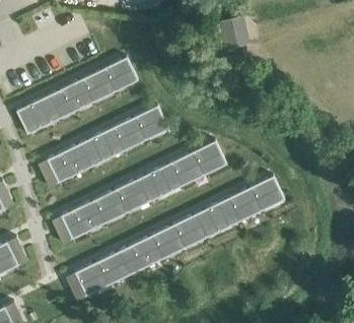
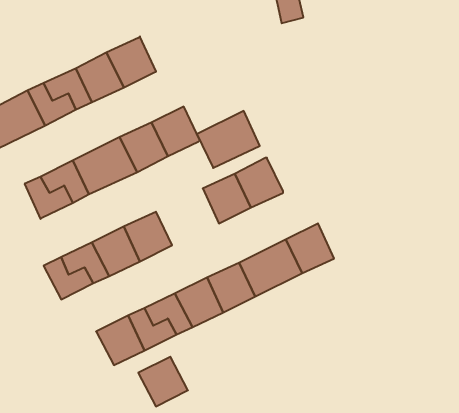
building: [138,162,182,201] -> [197,111,260,168]
building: [251,176,284,210] -> none
building: [74,261,109,296] -> [138,357,188,406]

